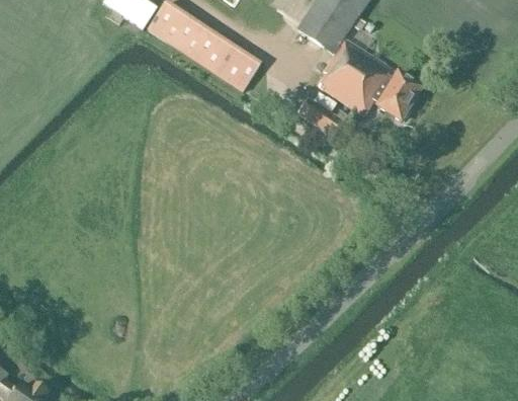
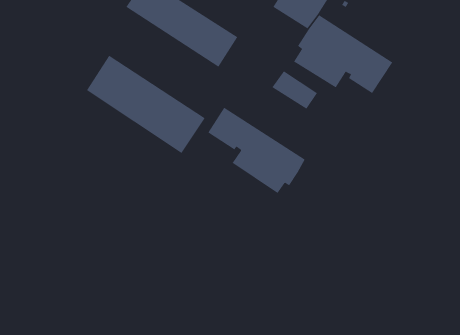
building: none -> [86,55,205,154]
building: none -> [208,107,305,194]

